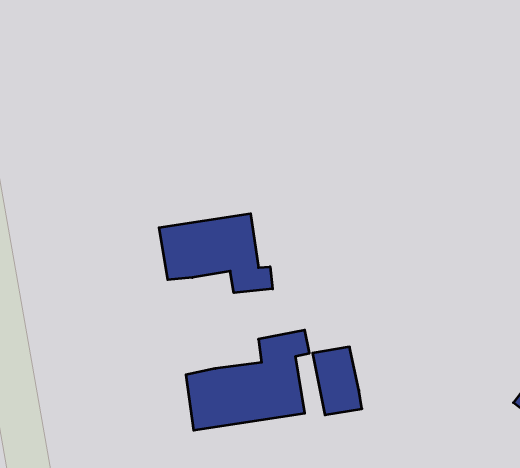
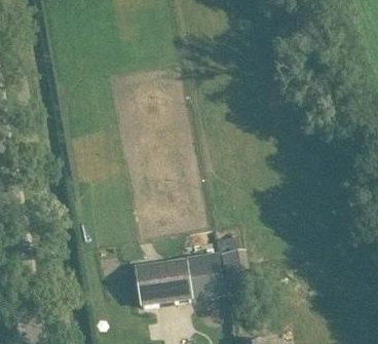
building: [159,214,273,293] -> none

